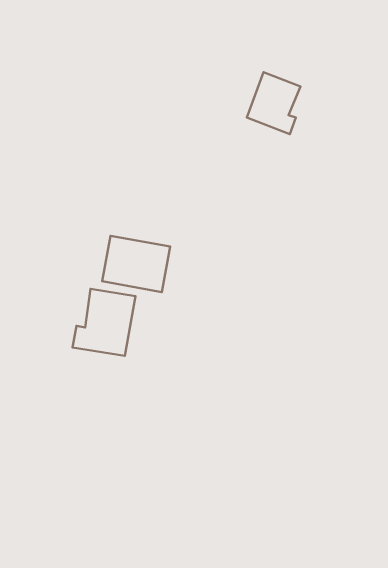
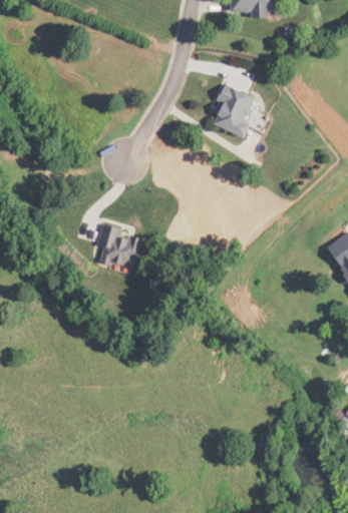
building: [72,289,135,356] -> none

